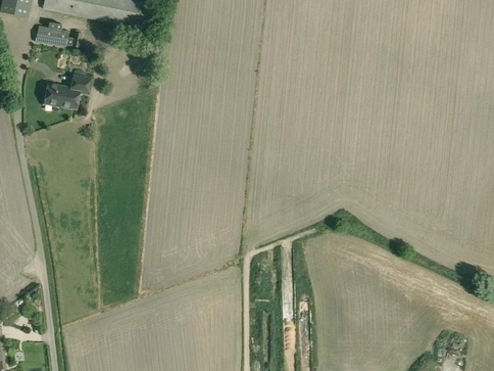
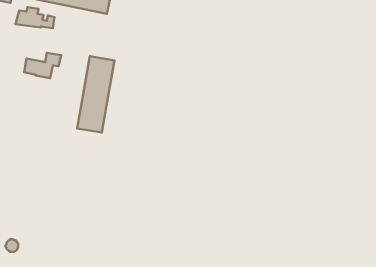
building: none -> [77,56,115,133]

